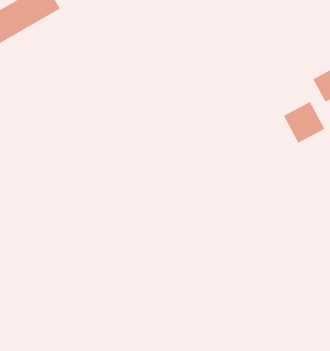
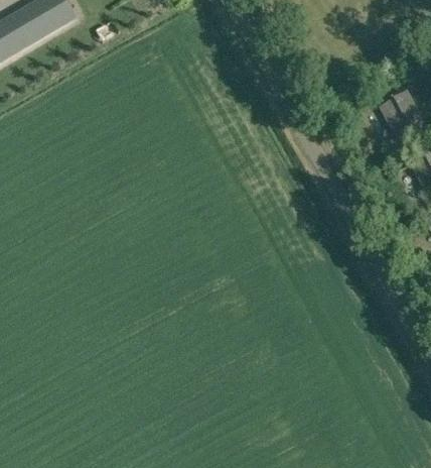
building: [283,101,325,143] -> none

